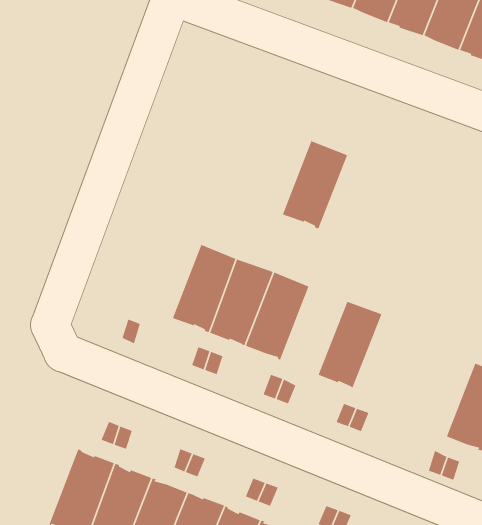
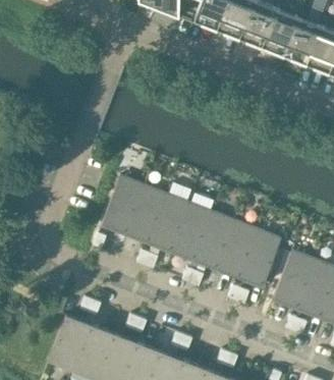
building: [282,140,348,229] -> [193,213,235,269]
building: none -> [102,176,144,233]
building: none -> [239,230,281,286]
building: none -> [274,251,316,308]

